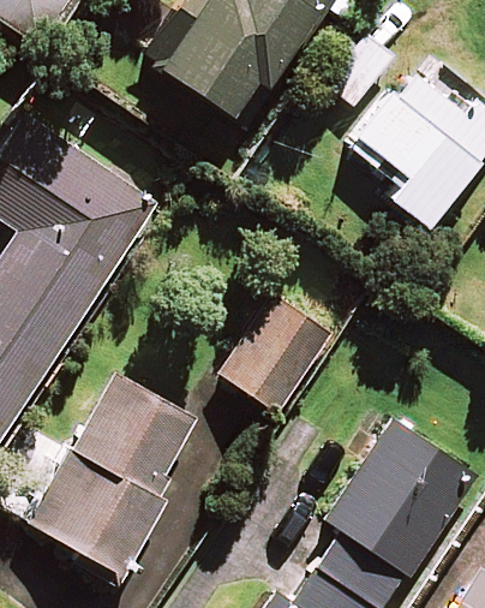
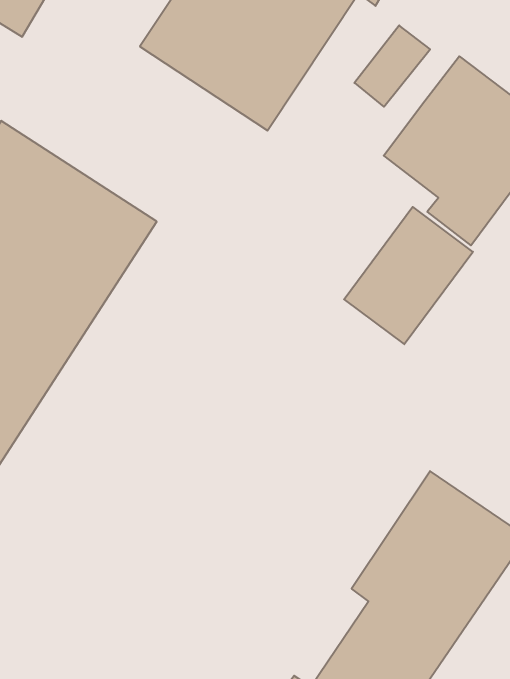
building: [218,292,329,410] -> [344,207,473,344]
building: [29,372,192,573] -> none

